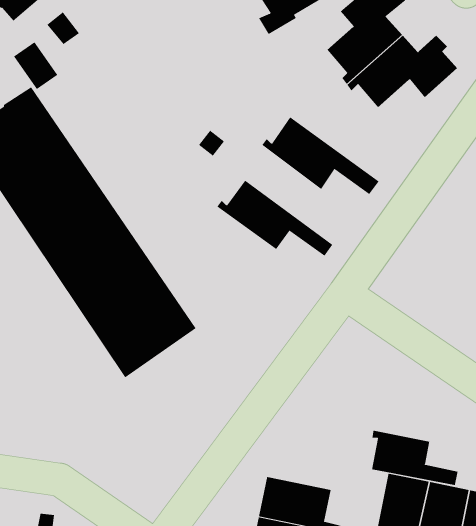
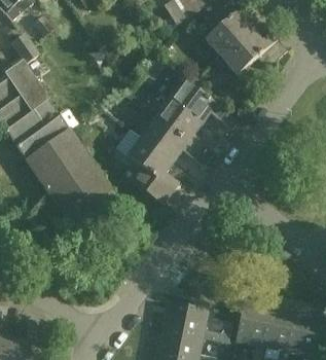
building: none -> [155,97,216,158]
building: none -> [126,135,179,199]
building: [371,430,458,486] -> none

